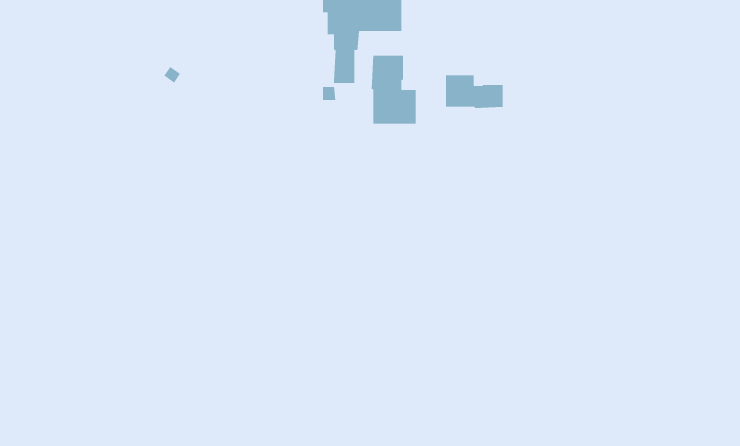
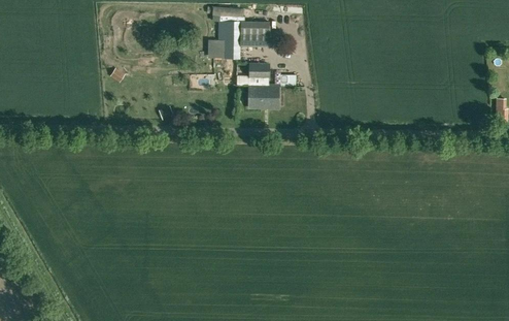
building: [445,75,503,109] -> none

